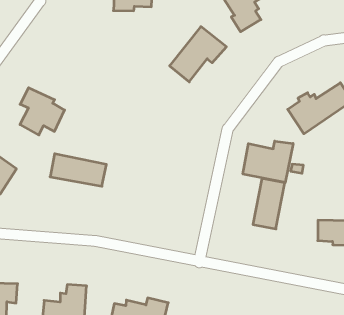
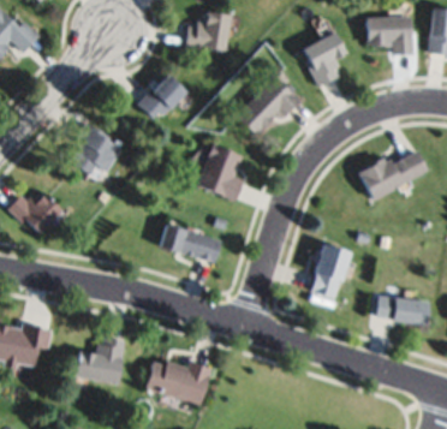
building: none -> [138,73,186,118]
building: none -> [199,144,245,201]
building: [243,141,293,182] -> none
building: [50,154,106,186] -> [161,222,222,262]

